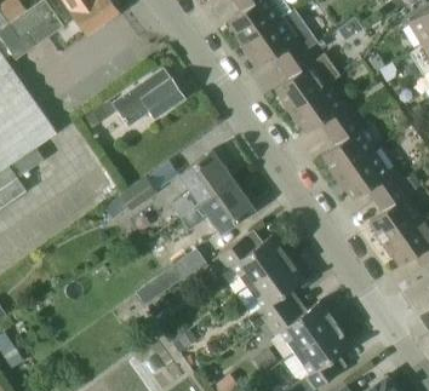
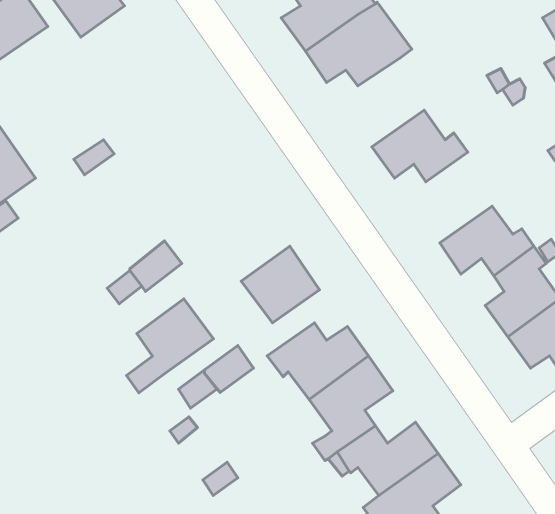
building: [273,48,338,110] -> none
building: [111,70,184,127] -> none
building: [320,114,372,177] -> none
building: [171,151,231,217] -> [127,299,214,393]

